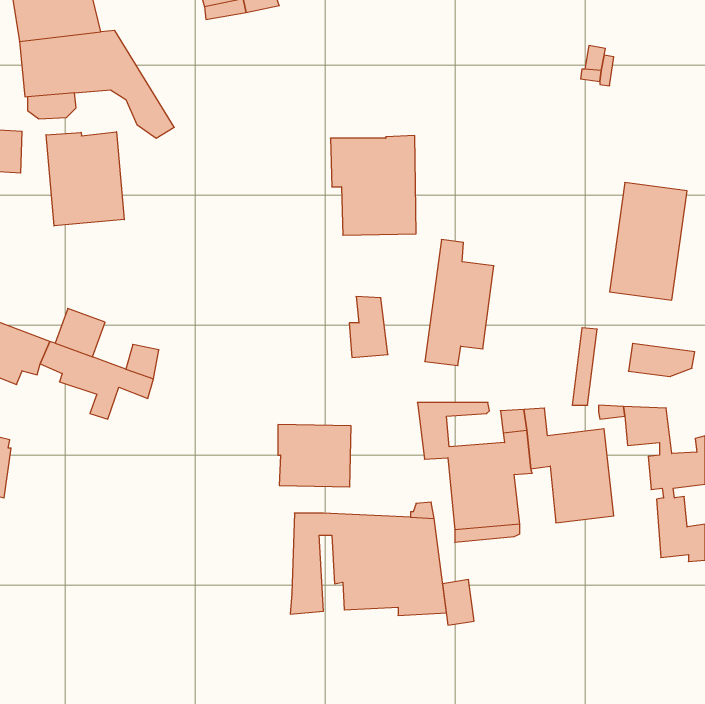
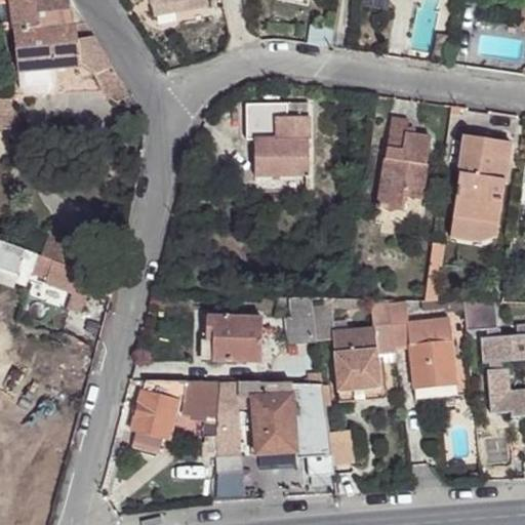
building: [46,132,124,226] -> none
building: [425,240,494,366] -> [378,116,430,209]
building: [349,297,388,357] -> [286,297,315,342]
building: [628,343,695,377] -> [449,216,498,241]
building: none -> [131,379,218,451]

